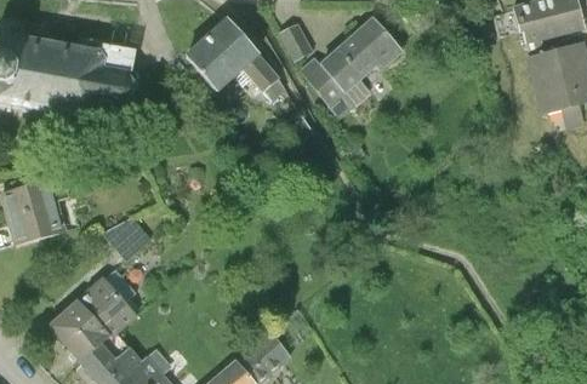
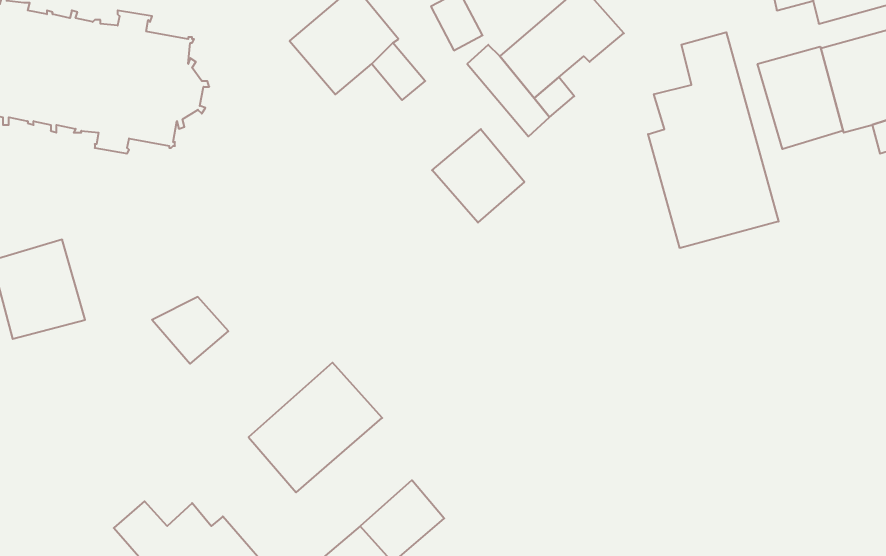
building: none -> [648,32,779,248]
building: none -> [758,47,843,149]
building: none -> [432,129,524,223]
building: [46,281,131,363] -> [249,363,382,492]

